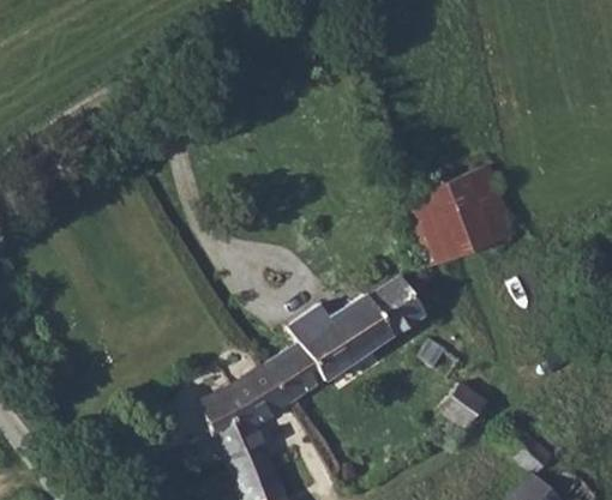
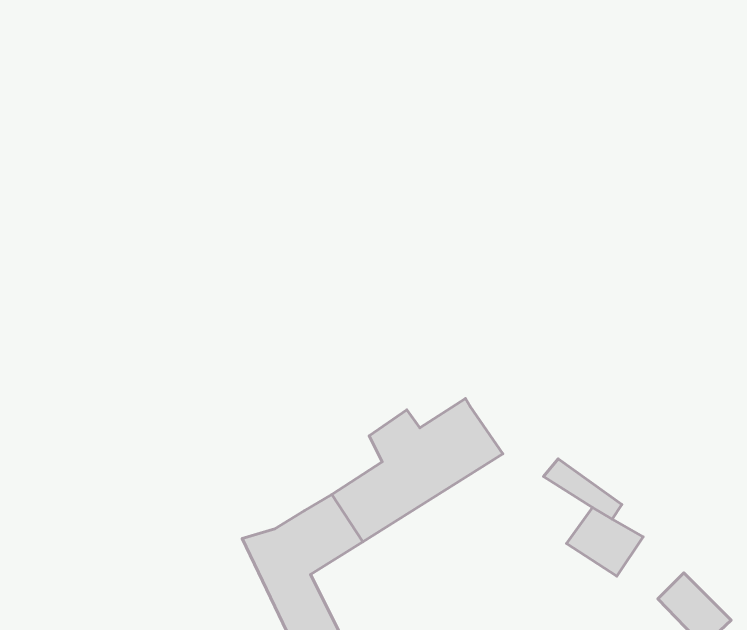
building: [406,174,517,266] -> none
building: [365,281,419,337] -> none

